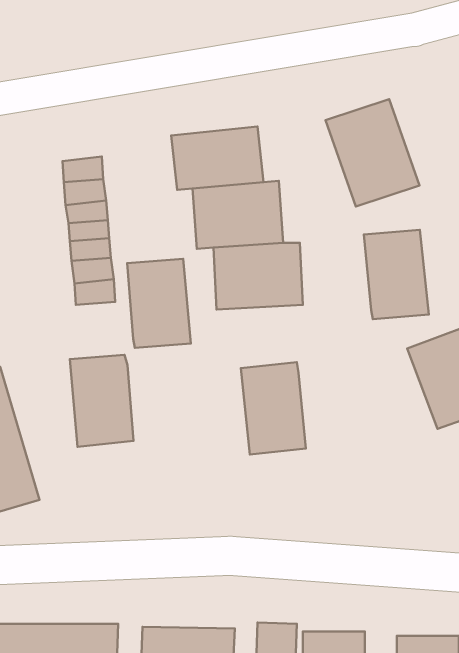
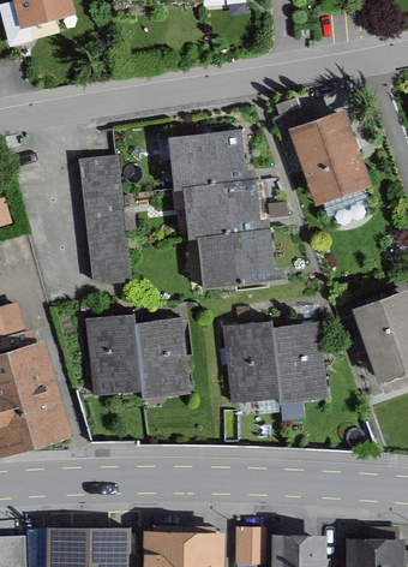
building: [364,230,429,319] -> [270,329,322,400]
building: [127,259,191,348] -> [134,323,185,394]

